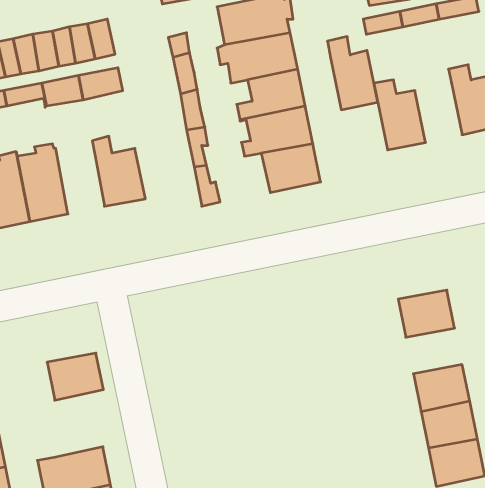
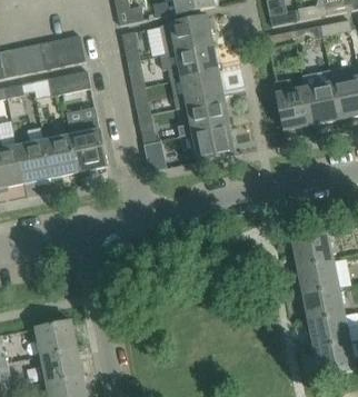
building: [327,37,378,110] -> [302,71,339,125]
building: none -> [42,127,78,177]
building: none -> [298,260,339,294]
building: [47,353,103,400] -> [36,320,77,355]

